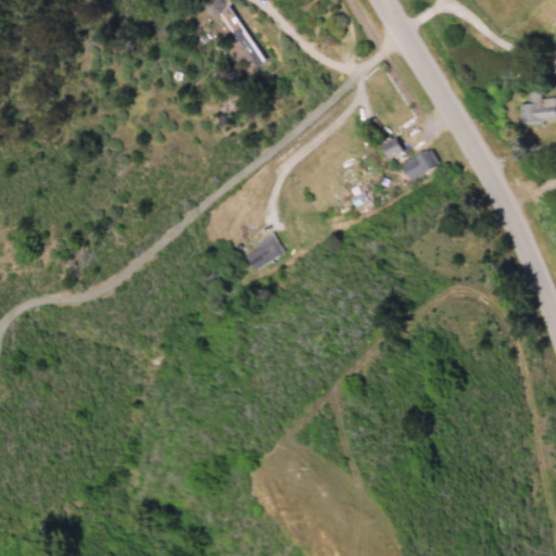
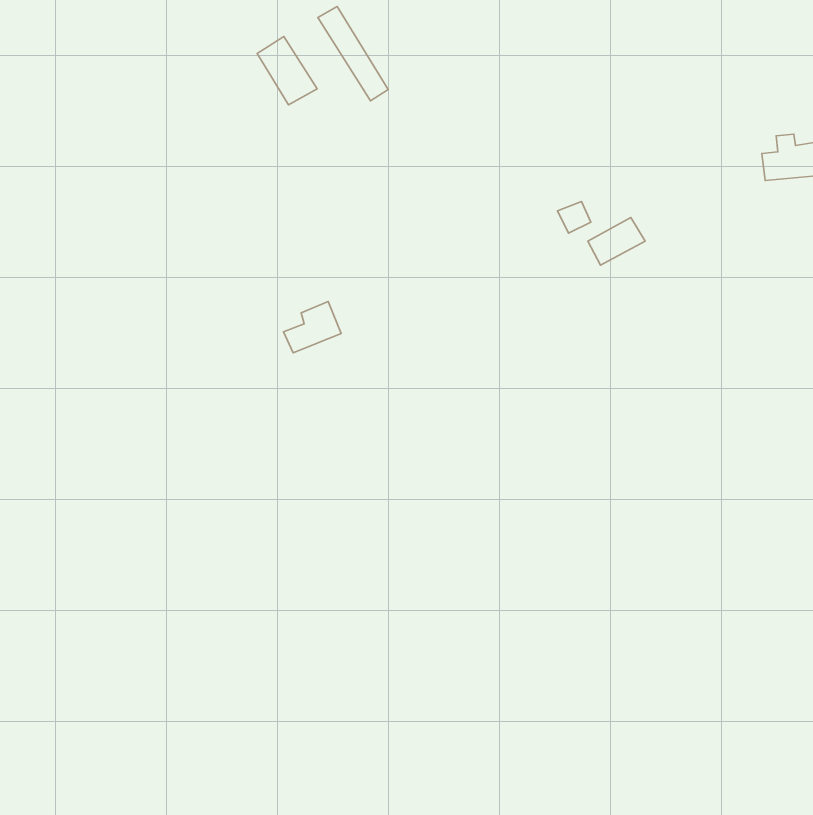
building: none -> [257,36,317,105]
building: [244,233,283,268] -> [284,302,341,353]

